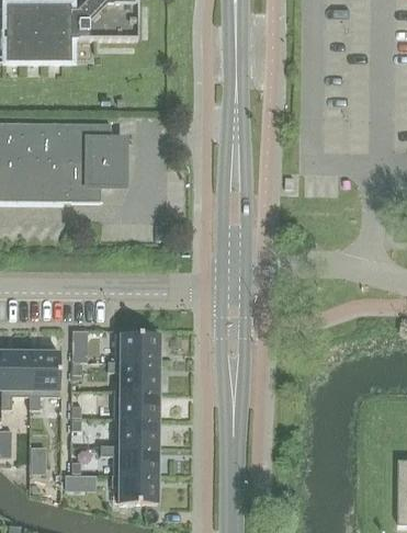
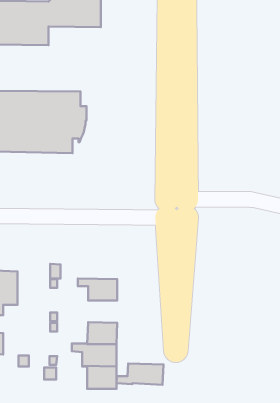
building: [108,332,158,362] -> none
building: [30,352,59,409] -> none
building: [114,388,158,418] -> none
building: none -> [116,364,163,385]

